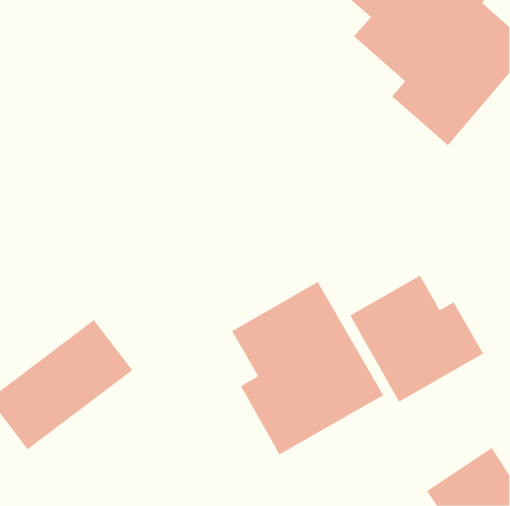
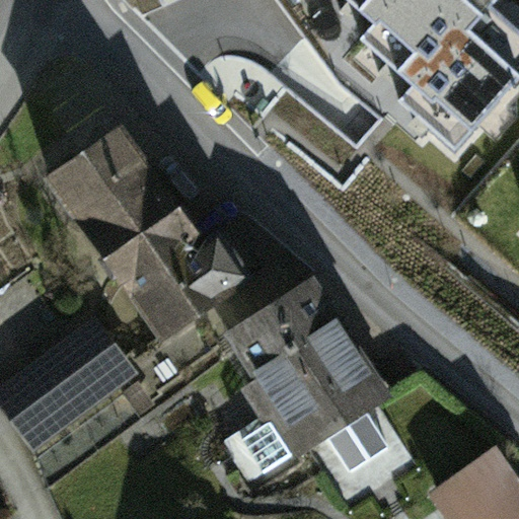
building: none -> [49,131,265,338]
building: [350,275,484,403] -> none

